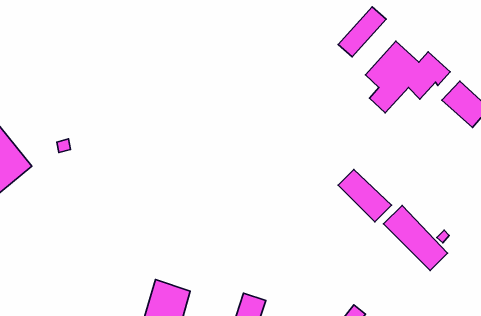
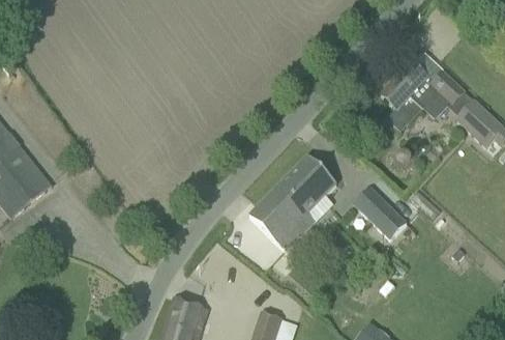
building: [338,7,386,57] -> none
building: none -> [249,155,335,250]
building: [384,205,448,271] -> none

